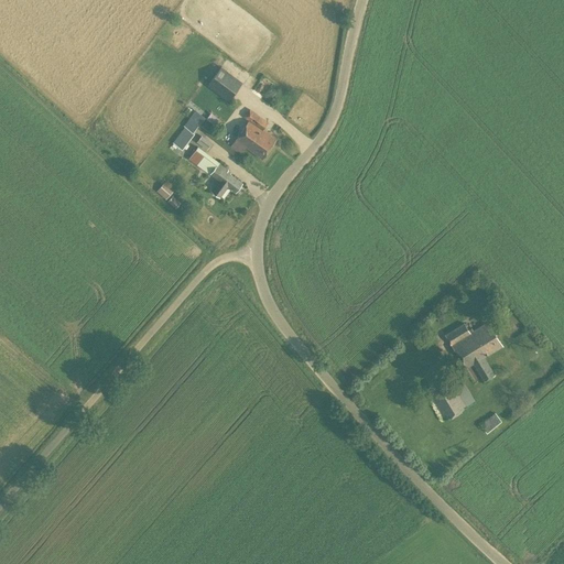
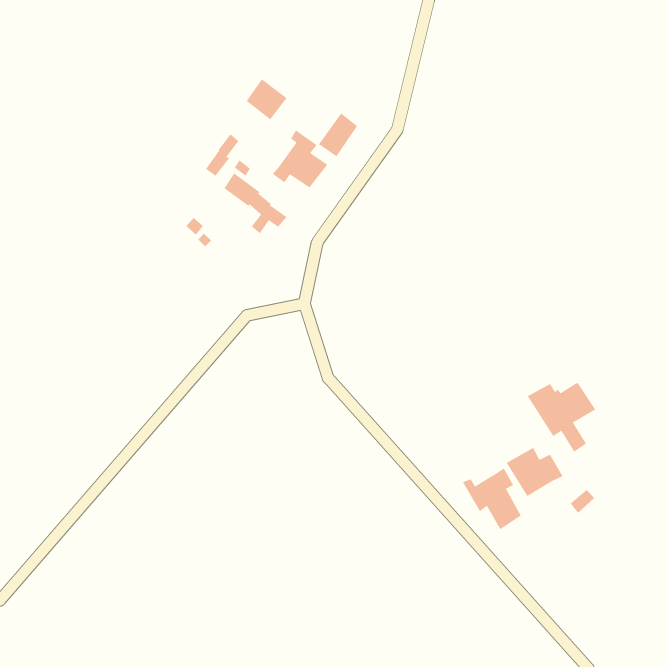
building: none -> [318,113,358,157]
building: none -> [462,467,521,530]

